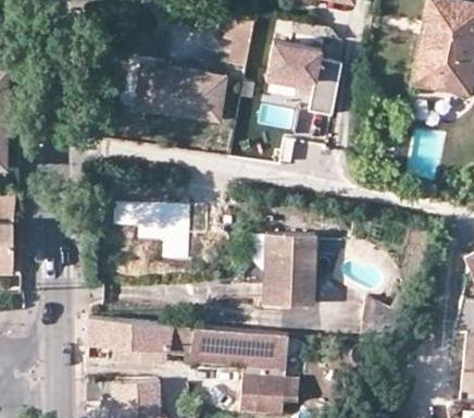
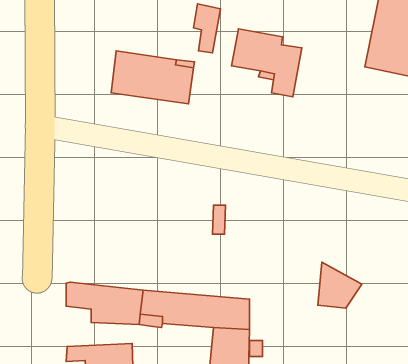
building: [110,200,191,261] -> none
building: [266,233,316,304] -> none

